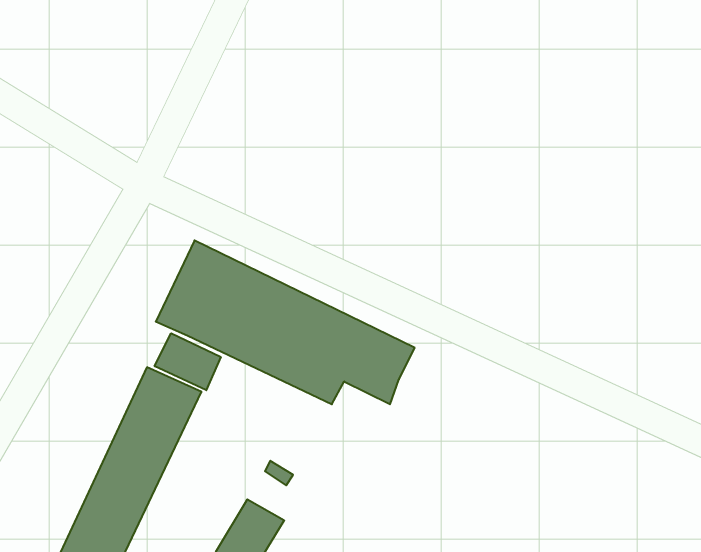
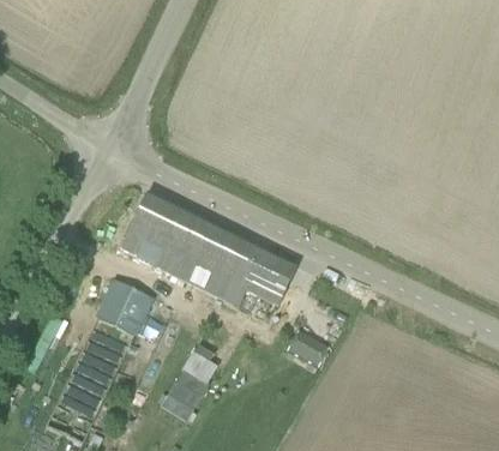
building: [155,333,221,390] -> none
building: none -> [287,330,327,365]

